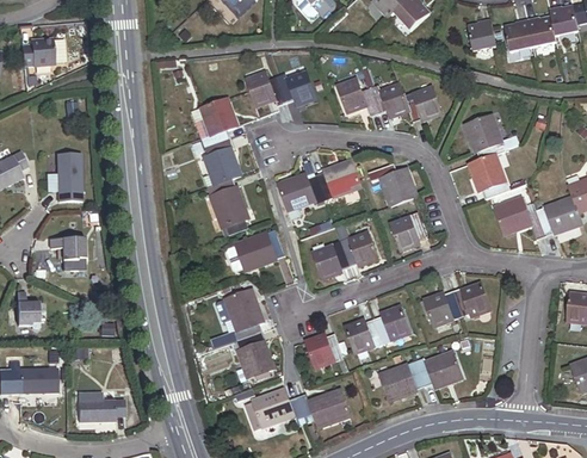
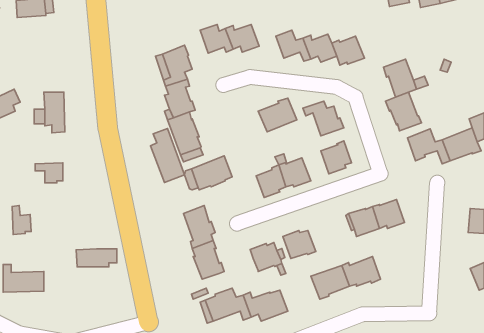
building: [276,175,325,219] -> none
building: none -> [151,129,184,182]
building: [373,305,410,344] -> none
building: [78,397,126,419] -> [76,249,117,267]

